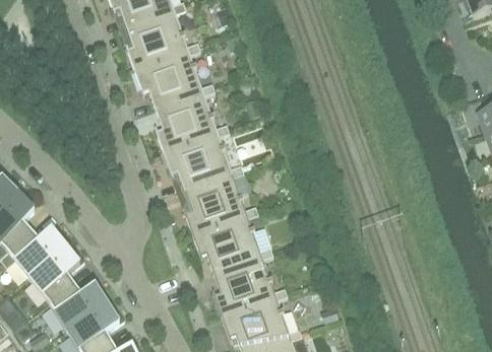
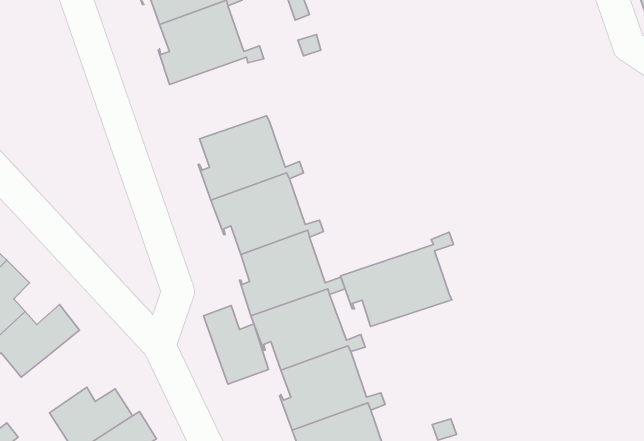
building: [134,49,216,107] -> none
building: none -> [341,232,454,327]
building: none -> [204,306,269,384]
building: [28,242,84,301] -> none

